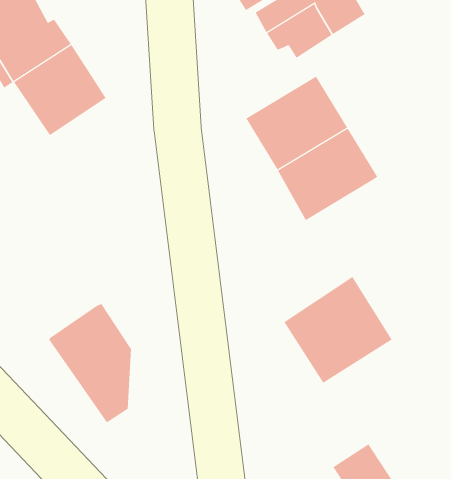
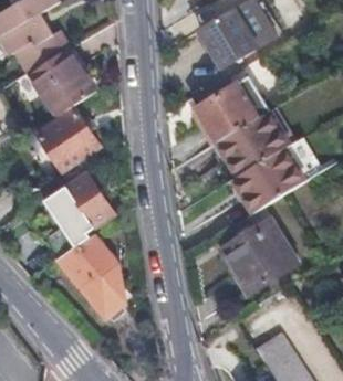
building: none -> [38,108,98,168]
building: none -> [231,146,302,209]
building: none -> [43,172,113,256]

